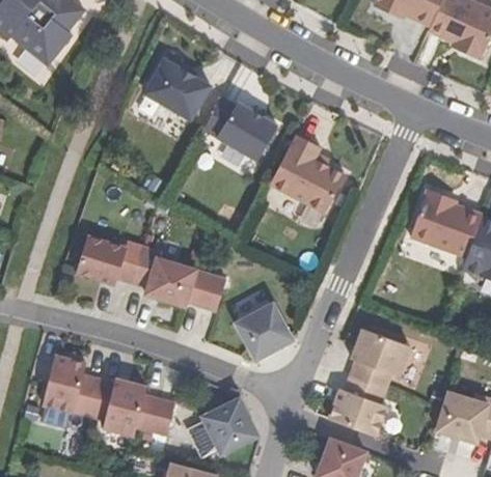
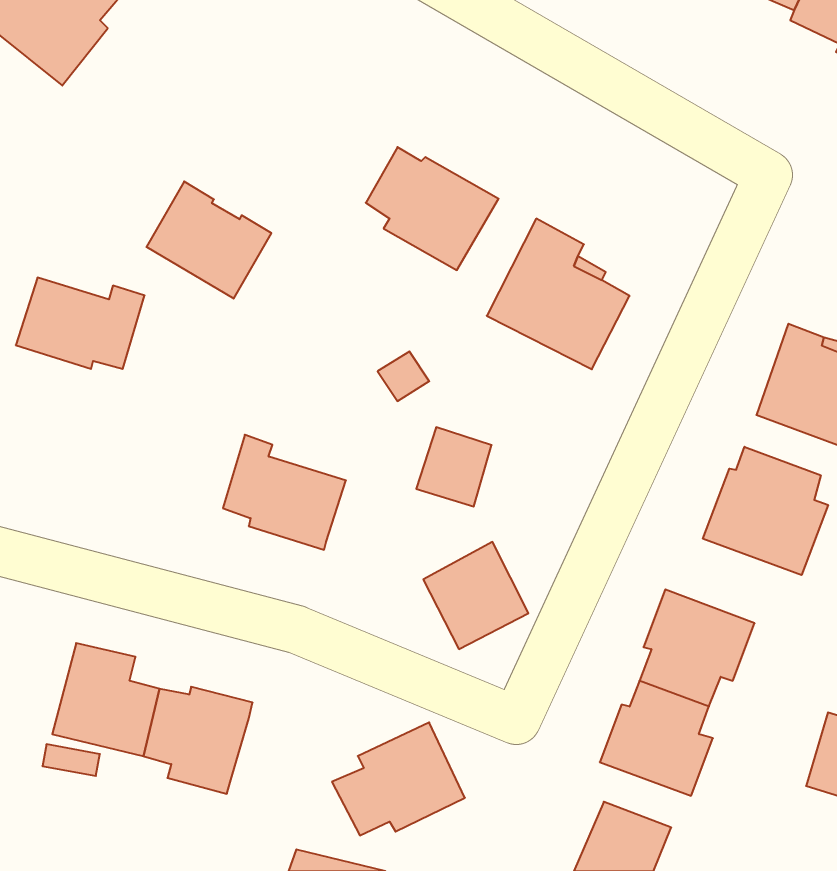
building: [145,58,211,119] -> [146,181,271,299]
building: [76,237,143,285] -> [16,278,145,369]
building: none -> [703,447,828,575]
building: [186,271,225,312] -> [416,427,492,507]
building: [136,395,175,434] -> none

